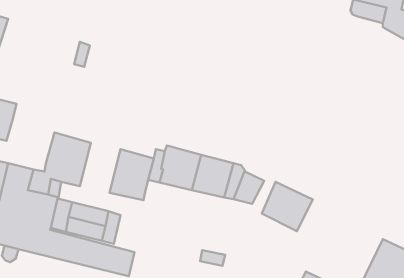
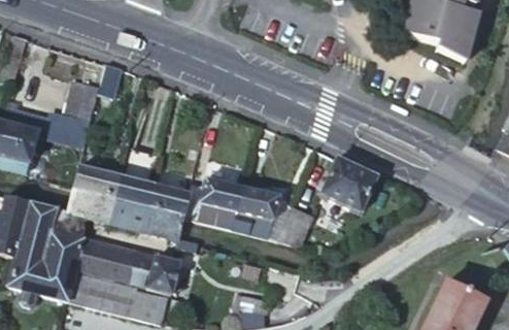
building: none -> [44,80,98,145]
building: none -> [107,146,157,231]
building: [262,182,313,231] -> [319,158,376,212]
building: none -> [145,256,178,295]

